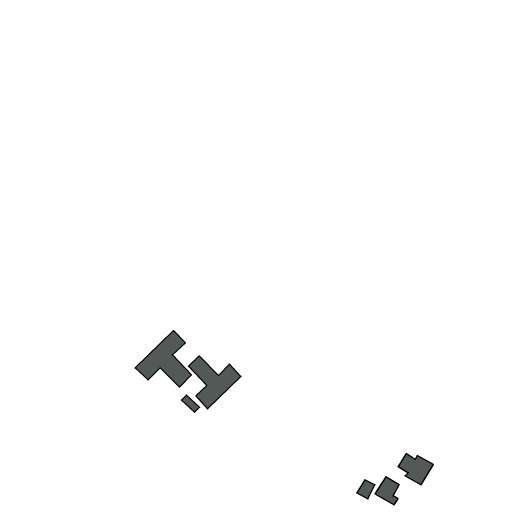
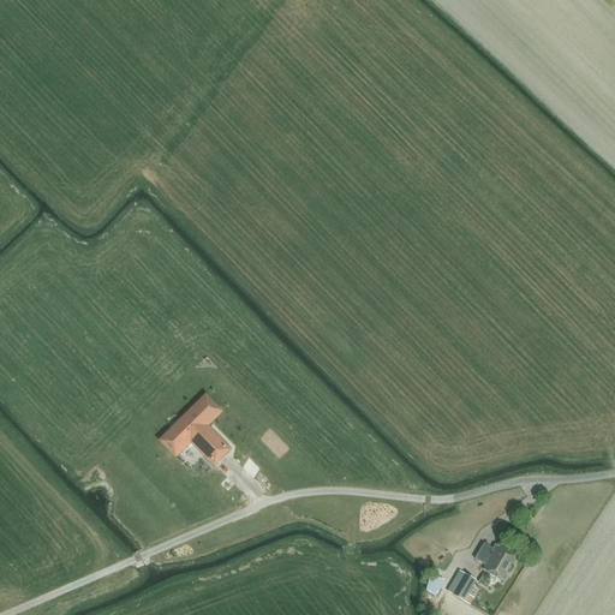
building: [188,356,241,409] -> none

